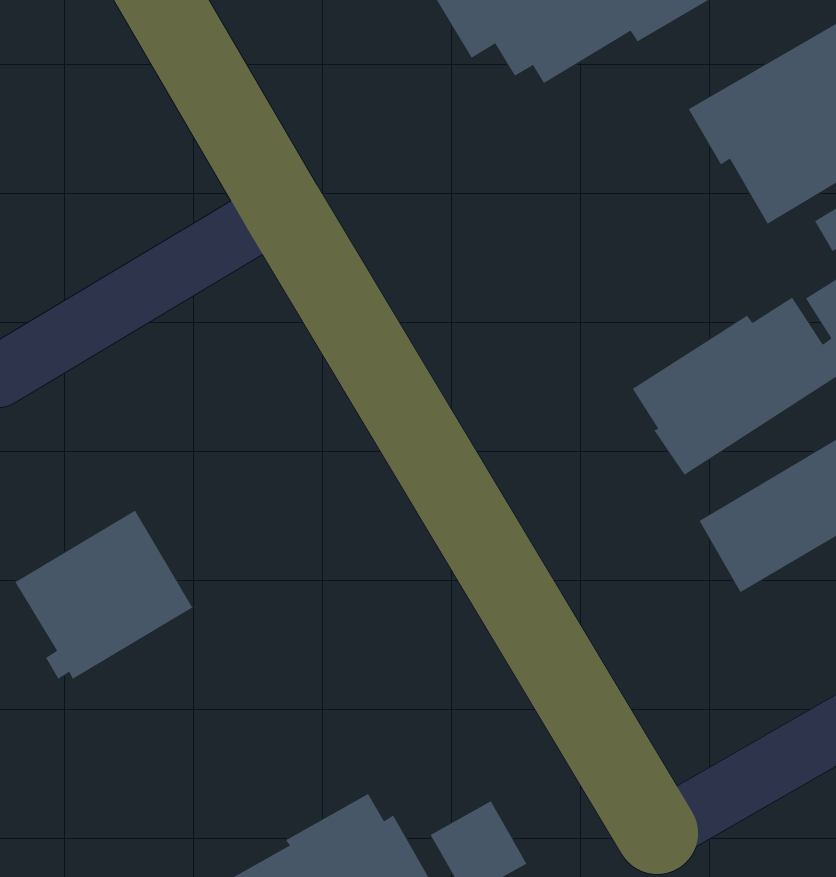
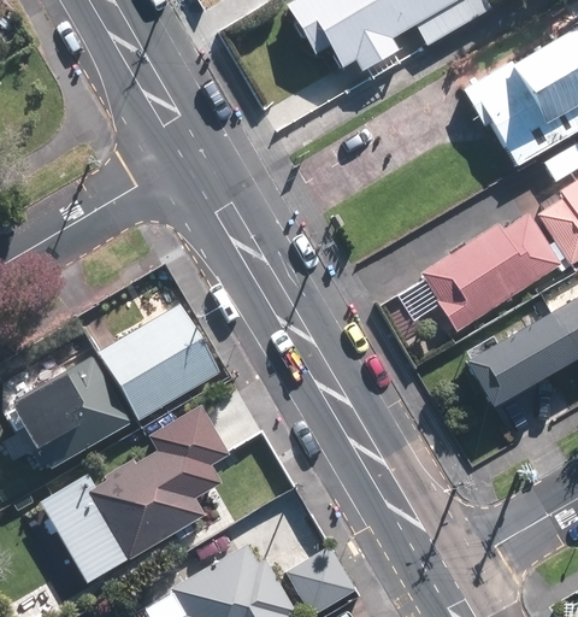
building: none -> [98,302,219,419]
building: none -> [40,407,226,582]

